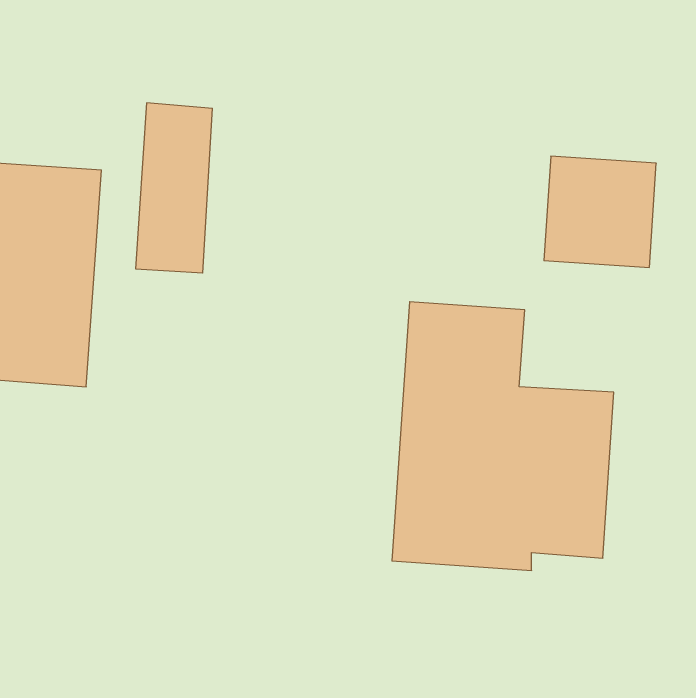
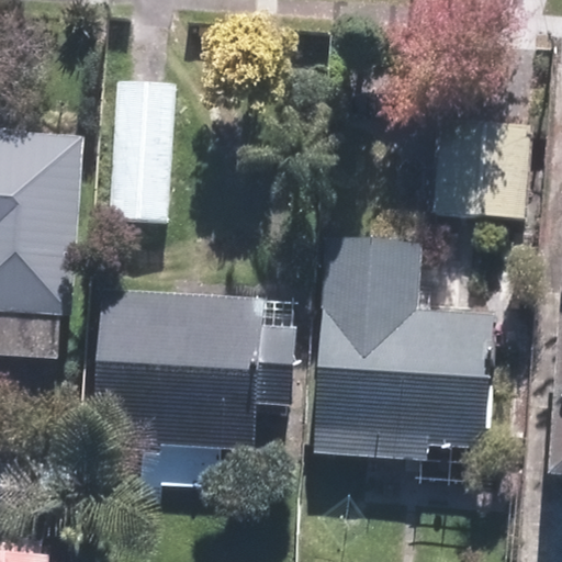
building: none -> [97,292,290,446]

